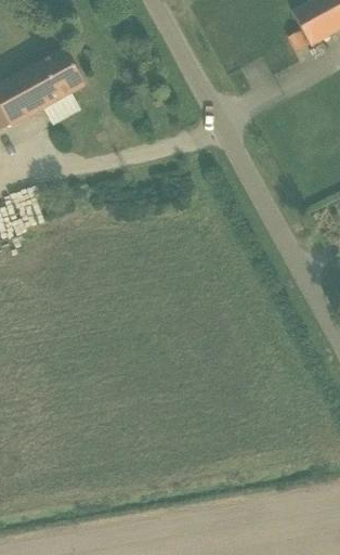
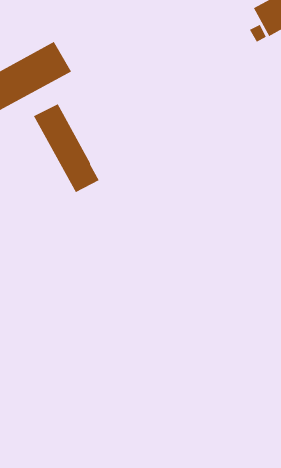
building: none -> [33,103,100,193]

